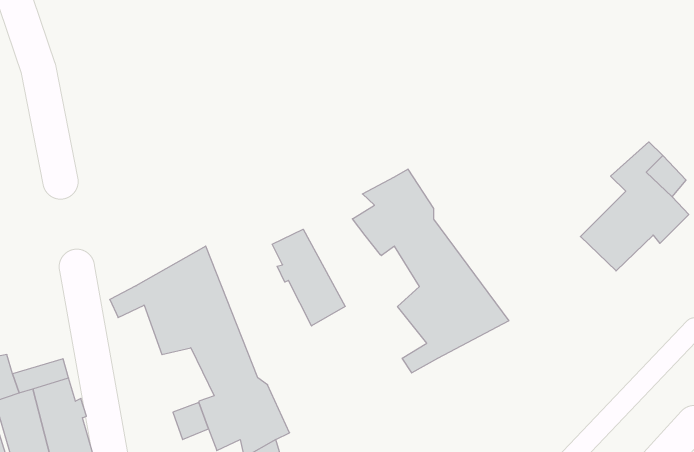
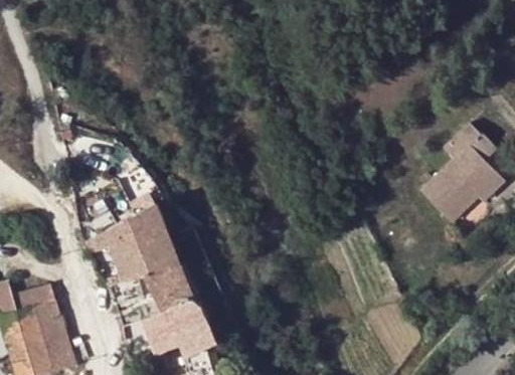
building: [352,169,509,373] -> none
building: [272,229,345,326] -> none

